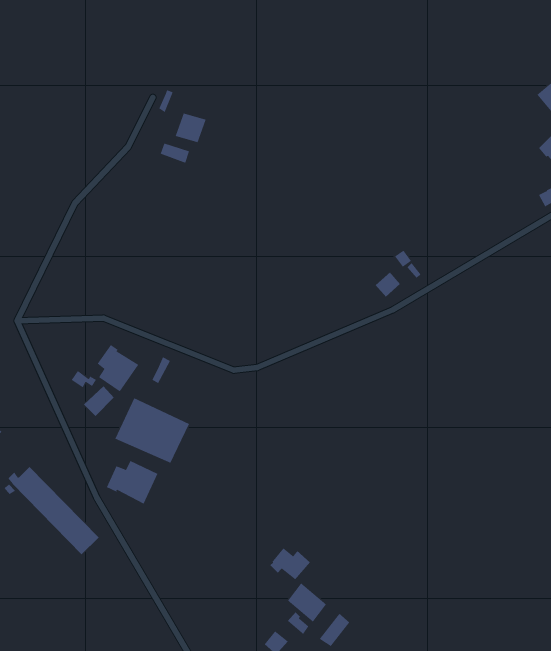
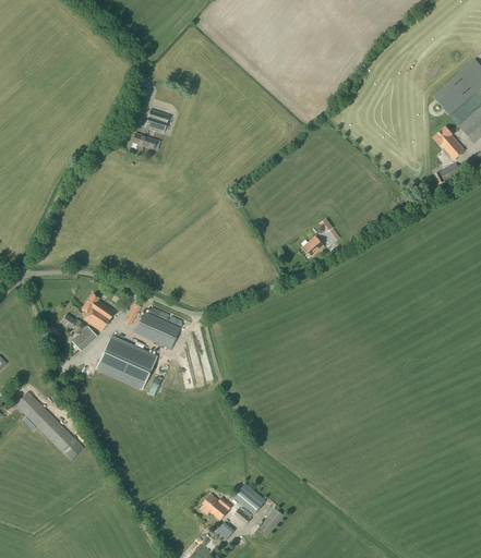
building: none -> [134,311,180,349]
building: [106,460,158,504] -> none
building: [270,547,311,580] -> [200,494,232,520]

